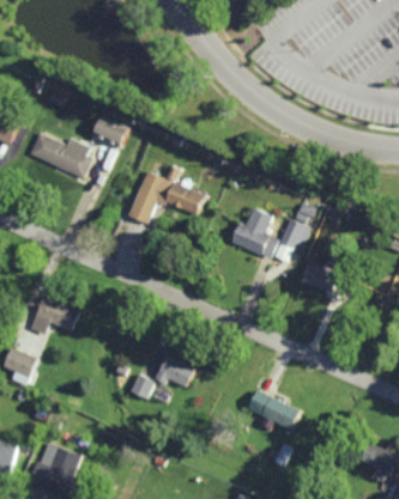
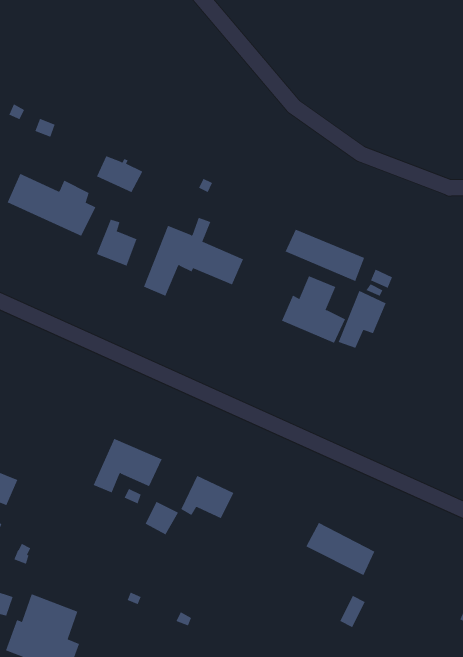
building: none -> [96,219,137,266]
building: none -> [285,229,365,282]
building: [300,261,338,294] -> none
building: [28,296,79,336] -> [93,438,162,493]

